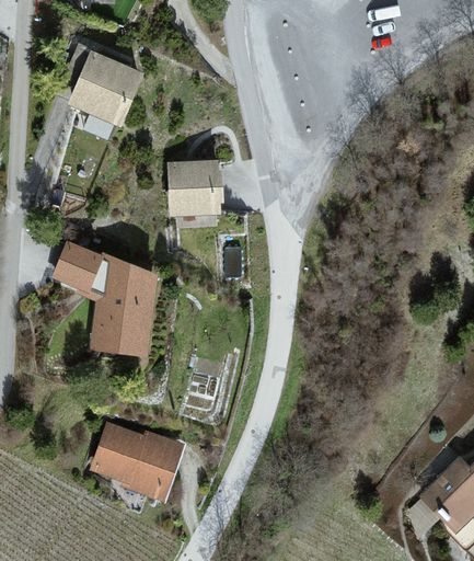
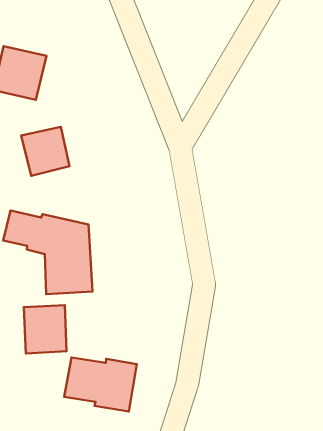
building: [170,162,219,213] -> [21,127,70,176]
building: none -> [24,305,67,353]

